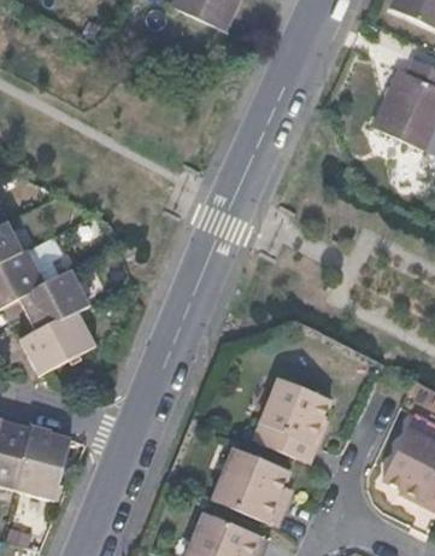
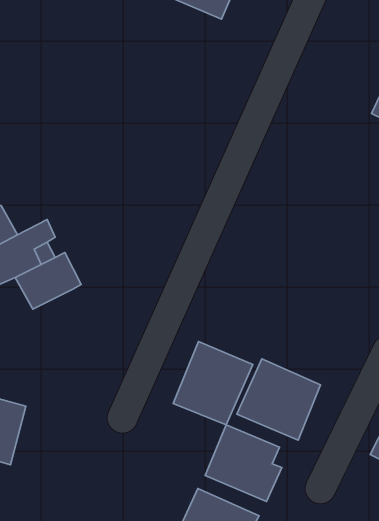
building: [18,308,94,371] -> none
building: none -> [173,341,253,425]
building: [12,423,66,498] -> none

